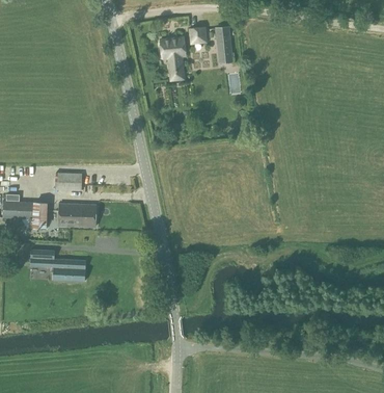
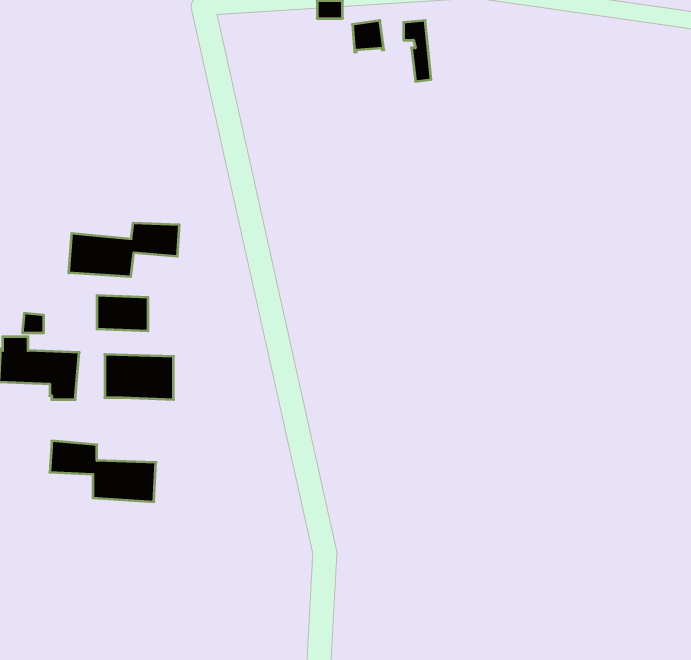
building: [160,36,187,80] -> none
building: none -> [69,223,179,277]

